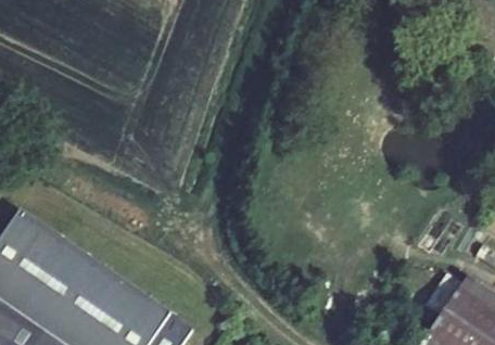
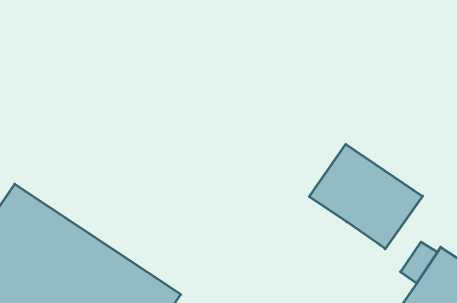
building: none -> [309,144,423,249]

